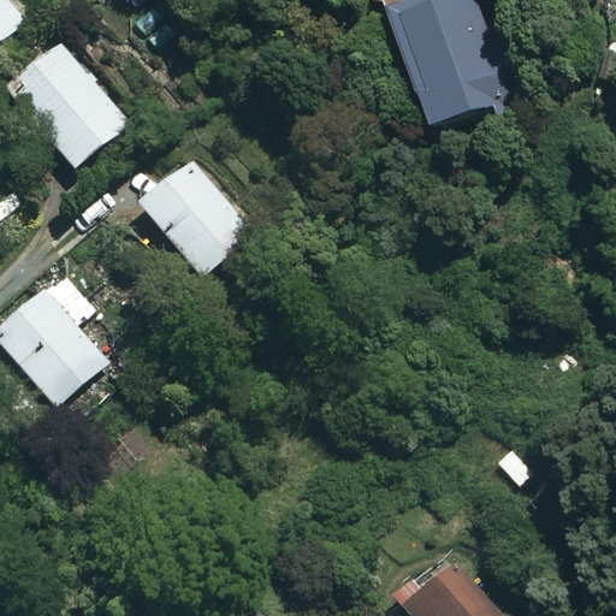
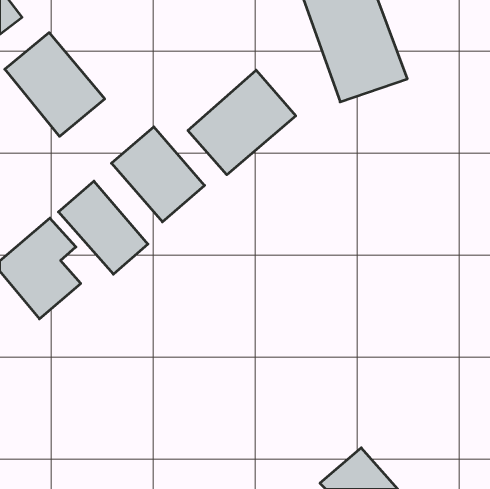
building: none -> [188,70,296,175]
building: none -> [58,181,148,274]

